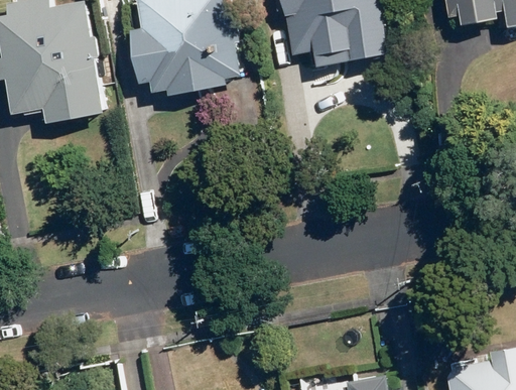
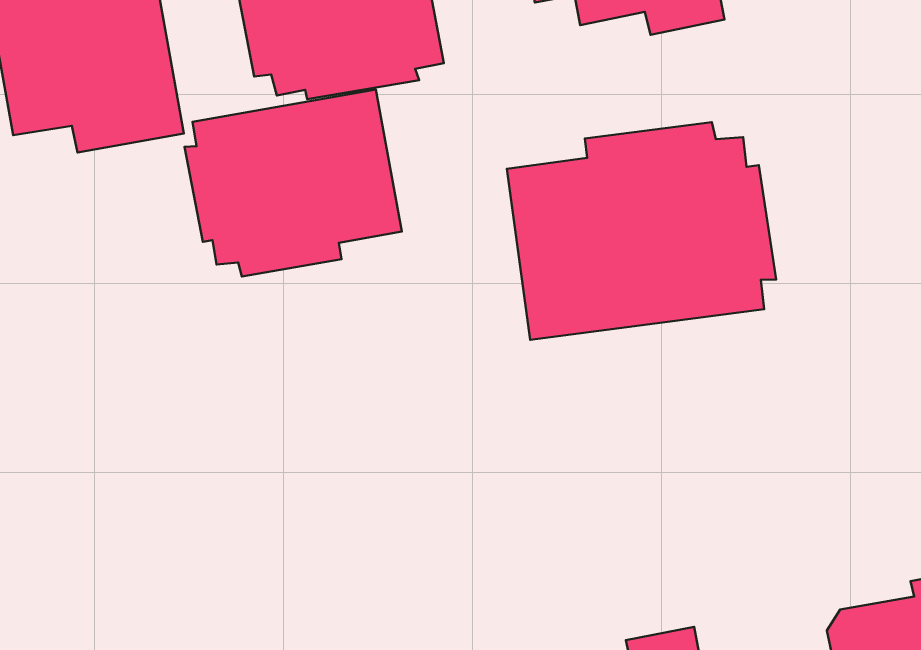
building: none -> [184,89,402,276]
building: none -> [507,122,776,340]

